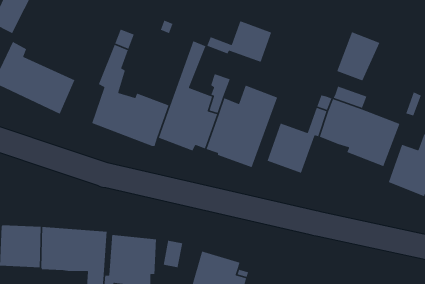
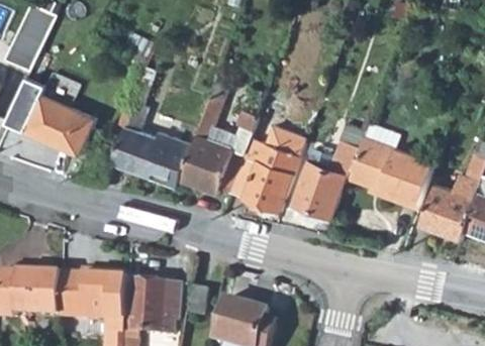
building: [206,20,272,63] -> none
building: [336,31,381,82] -> none

